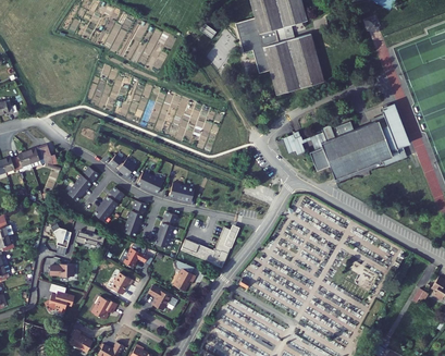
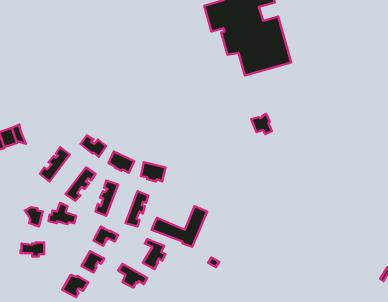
building: [309,106,407,179] -> none
building: [45,284,74,314] -> none

